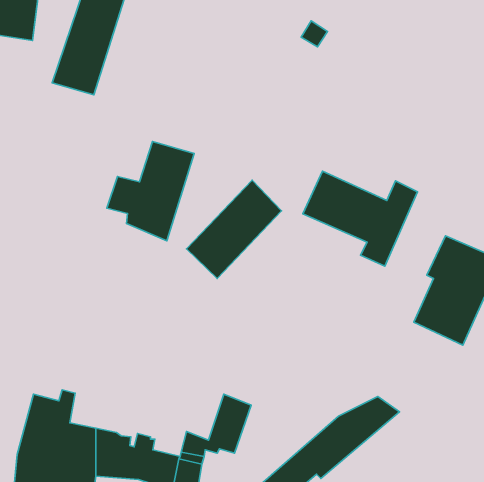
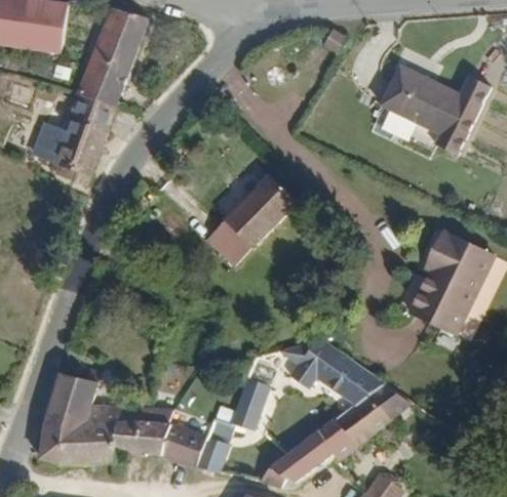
building: [107,142,194,241] -> [36,88,118,181]
building: [303,171,417,266] -> [368,61,476,151]
building: none -> [274,343,385,401]

